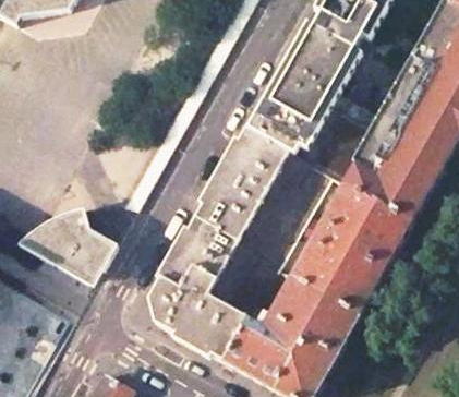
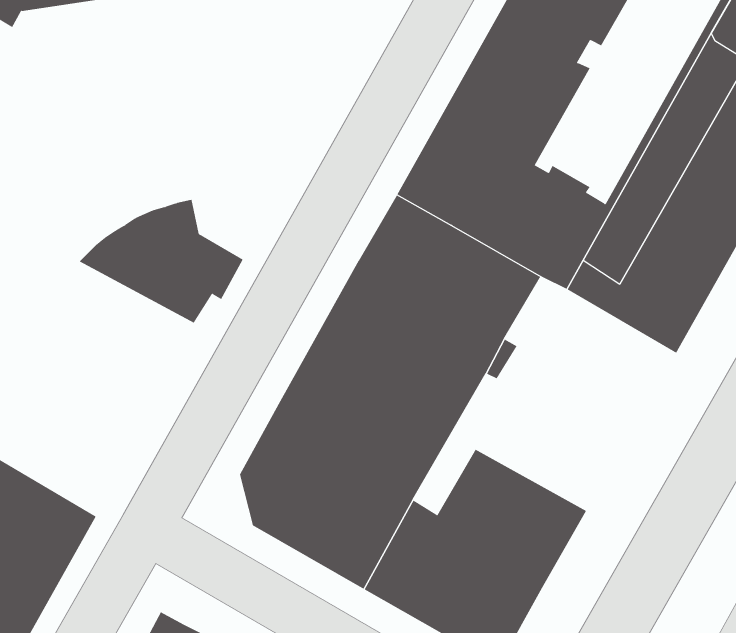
building: [290,183,410,315] -> none
building: [16,207,114,281] -> [79,199,244,324]

